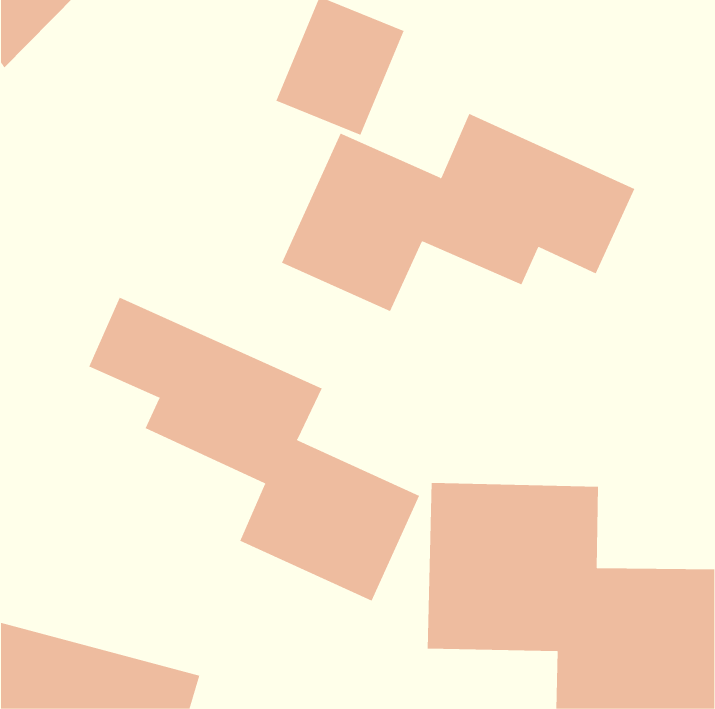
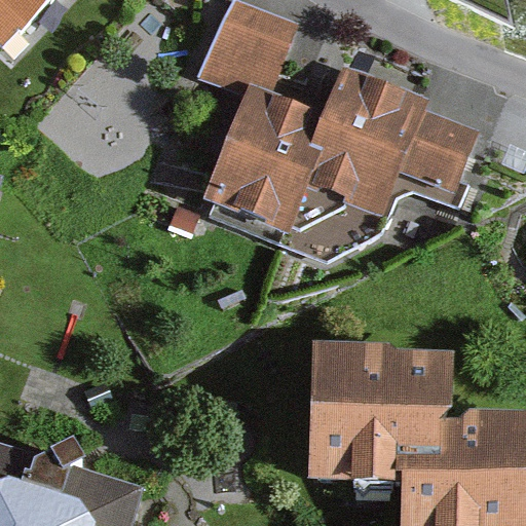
building: [89,297,420,601] -> none

